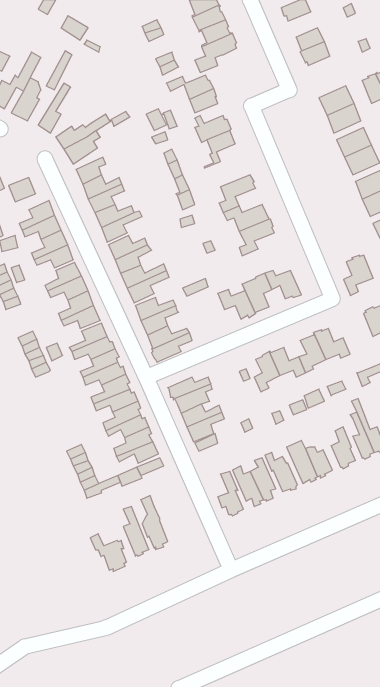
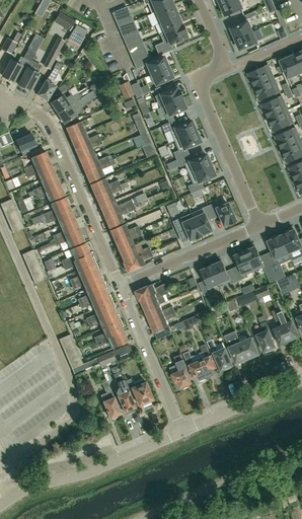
building: none -> [162,121,197,141]
building: [344,255,373,296] -> [267,236,289,267]
building: [90,534,127,571] -> [125,378,152,406]

